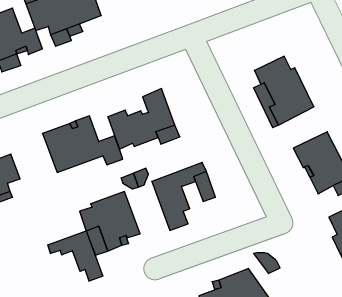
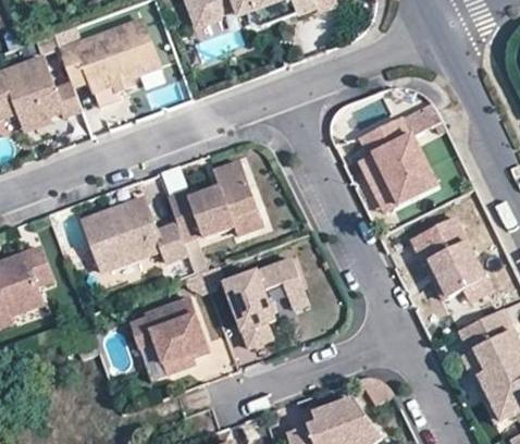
building: [48,231,103,281] -> none

